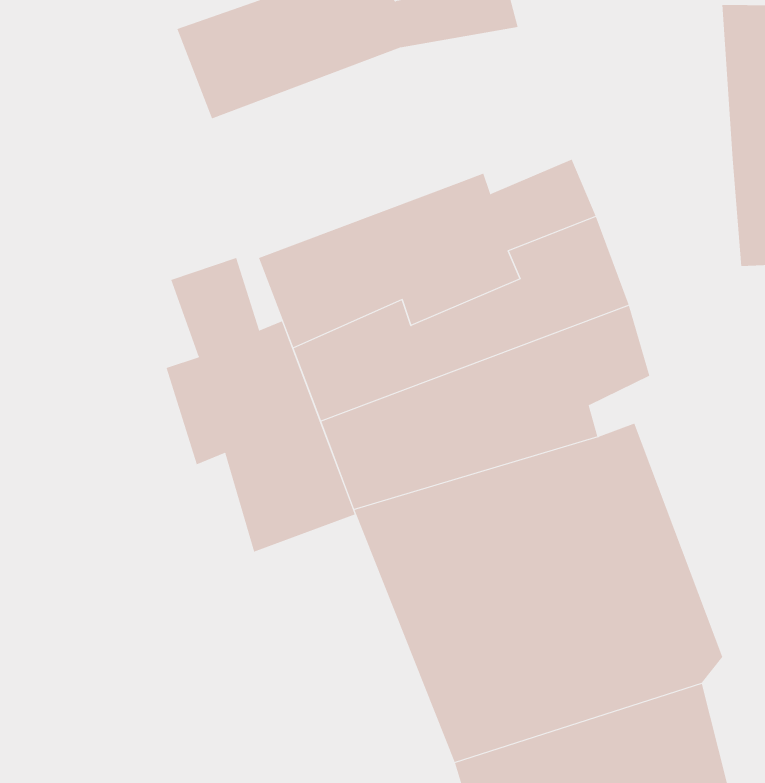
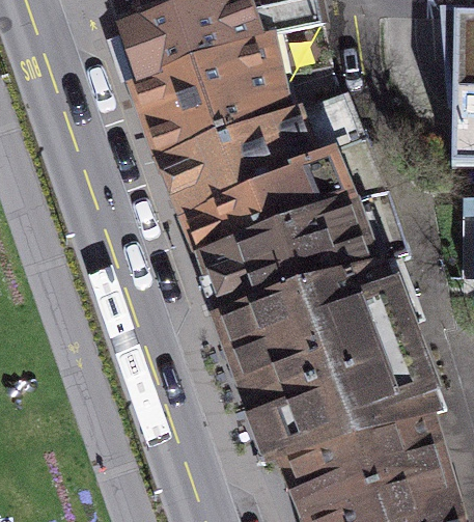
building: none -> [139,30,329,168]
building: [166,257,356,553] -> none

